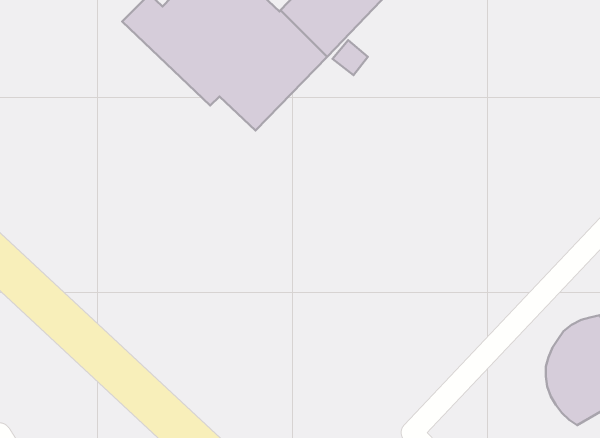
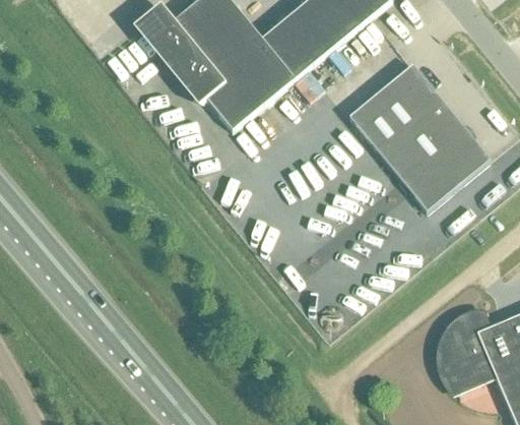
building: none -> [349,63,491,209]

